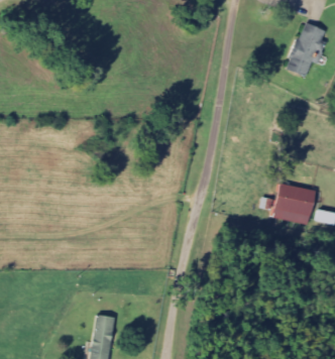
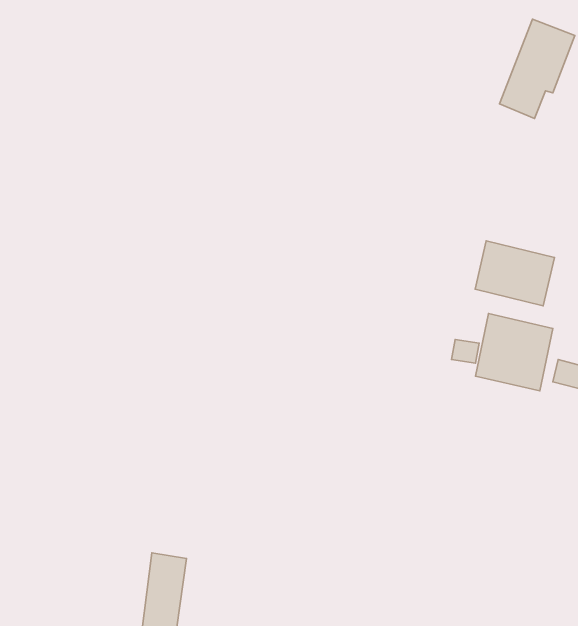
building: none -> [475,241,554,306]

